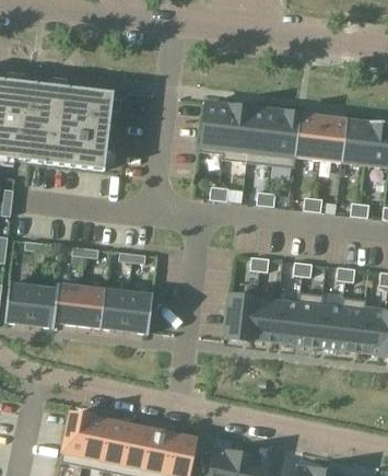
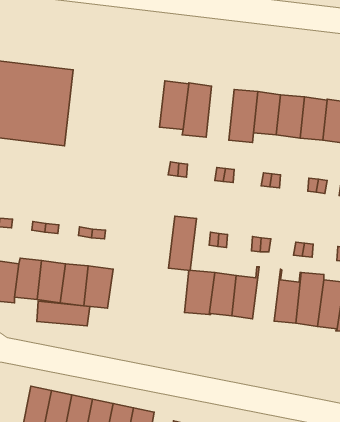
building: [247,108,275,163] -> none
building: [294,291,322,346] -> [168,216,197,270]
building: none -> [37,301,90,326]

